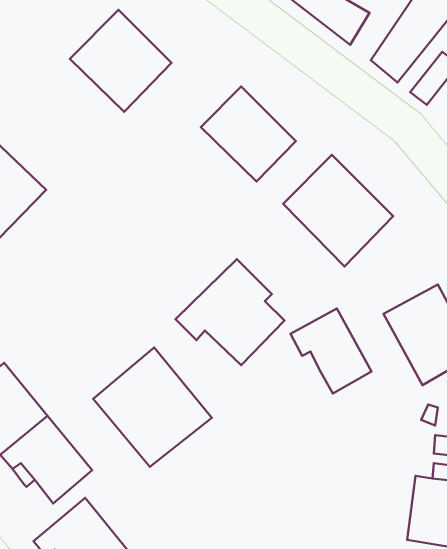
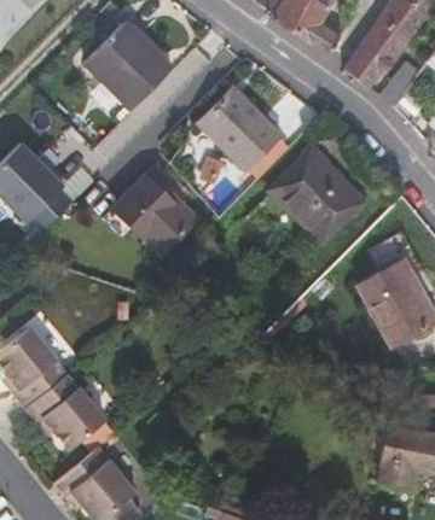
building: [176,259,284,365] -> [105,165,199,257]
building: [290,309,371,394] -> none
building: [93,348,212,467] -> none

